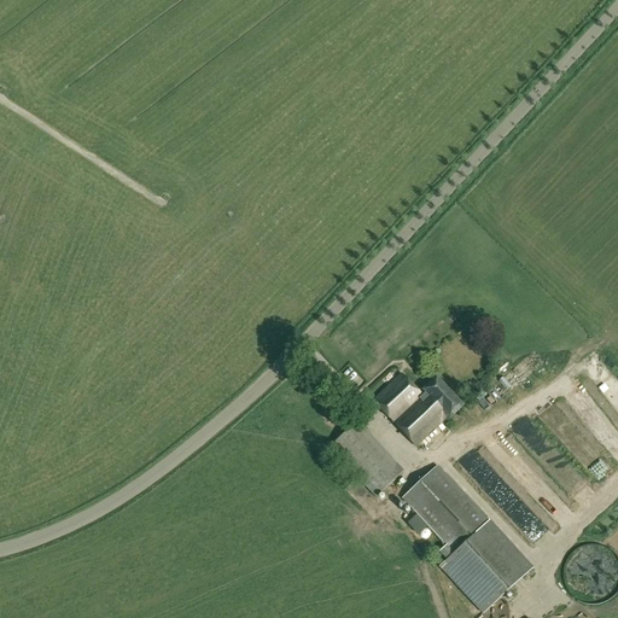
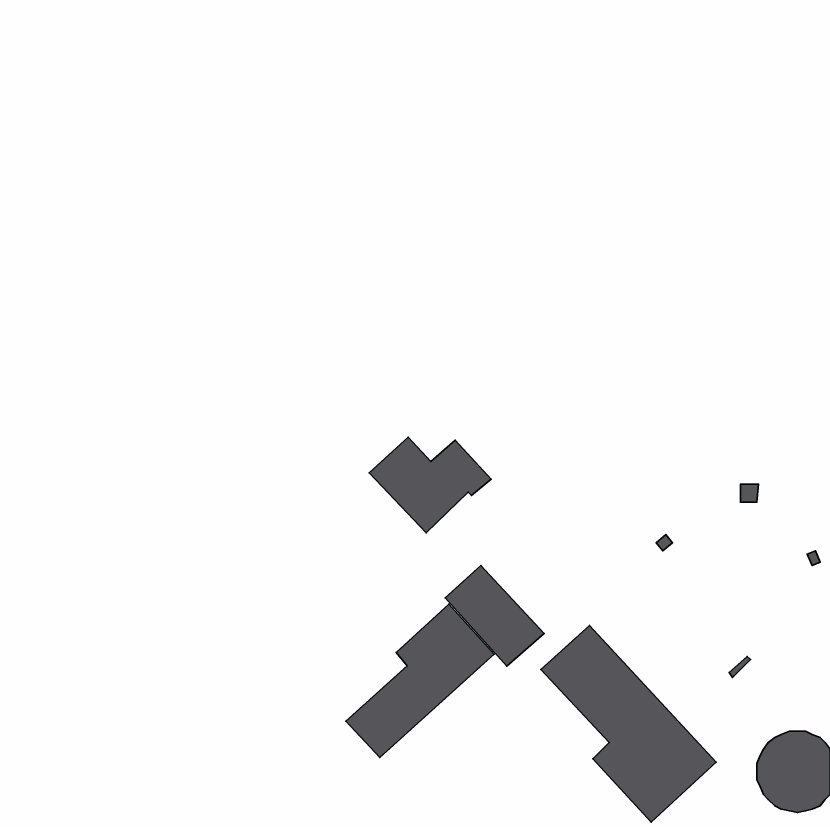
building: [374,373,465,444] -> [369,437,491,533]
building: none -> [346,604,494,758]

